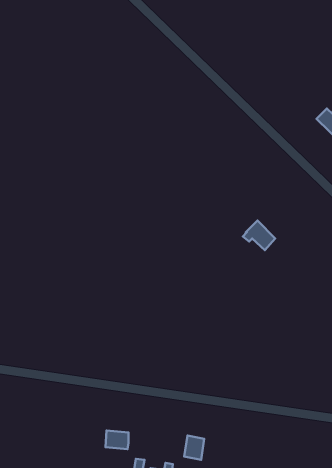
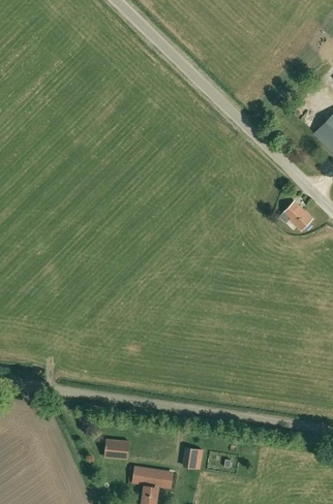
building: [243,221,275,250] -> [279,201,311,230]

